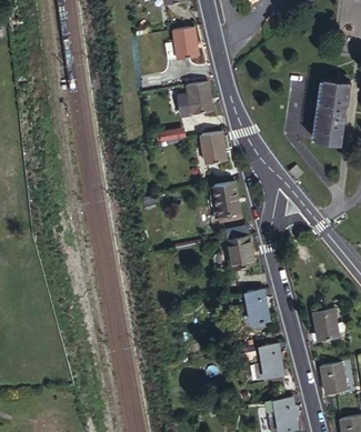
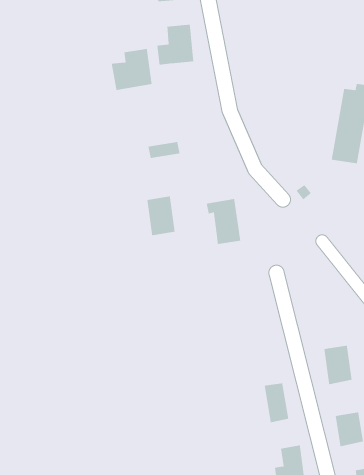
building: [173,78,210,115] -> [111,48,153,91]
building: [199,128,224,163] -> [147,196,176,236]
building: [225,232,251,265] -> none
building: [244,287,268,328] -> none

